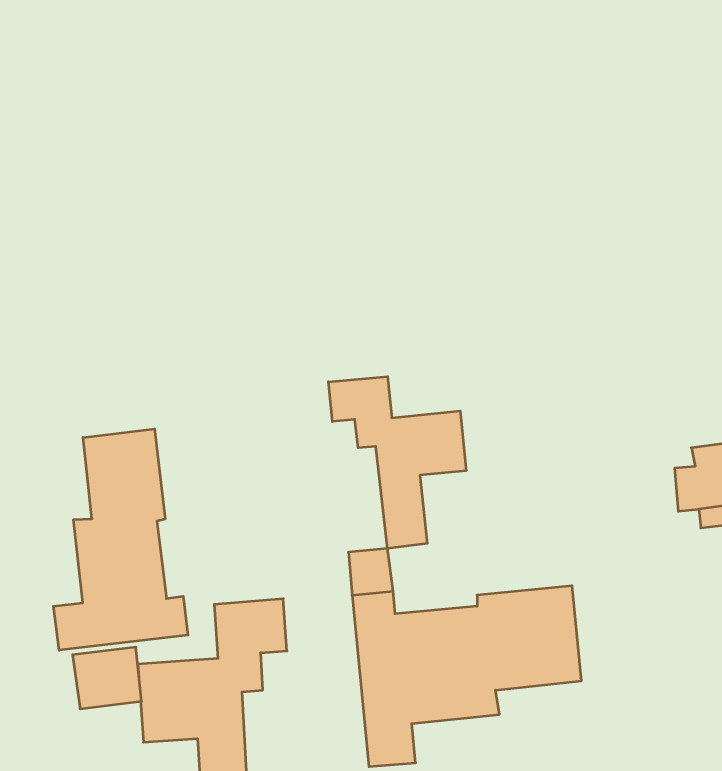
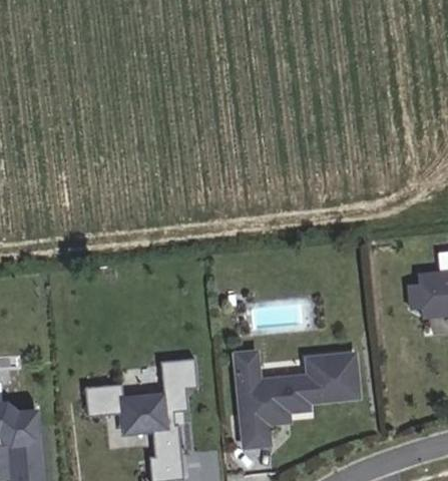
building: [328,377,466,548] -> none
building: [53,429,188,650] -> none

